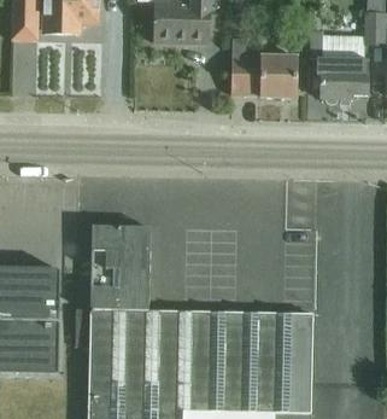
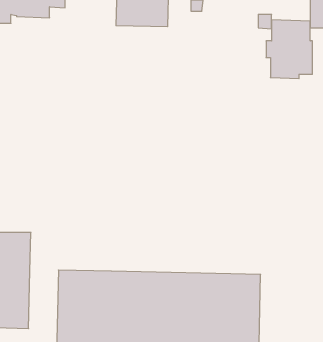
building: [231,37,297,97] -> none
building: [90,225,151,309] -> none

